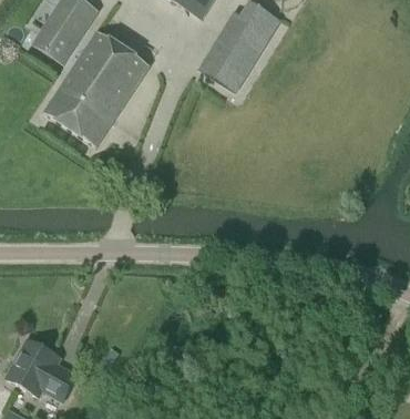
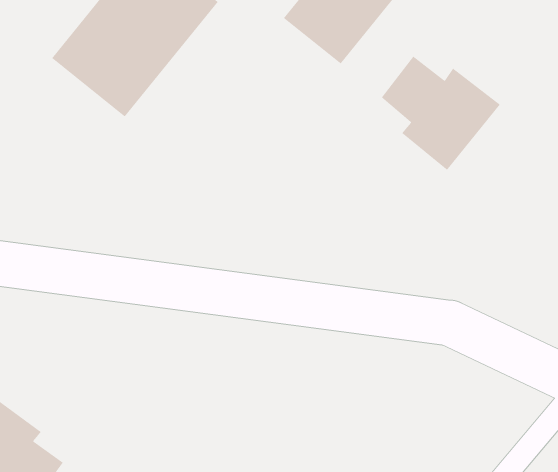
building: none -> [381,56,501,171]

